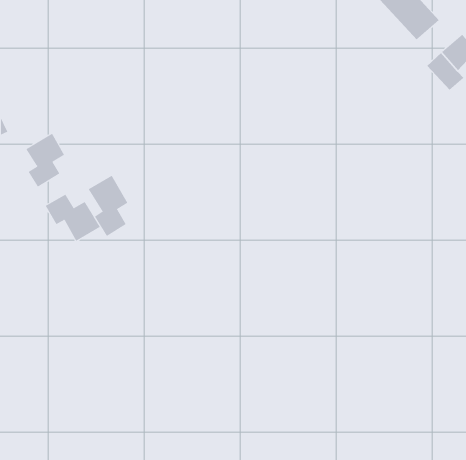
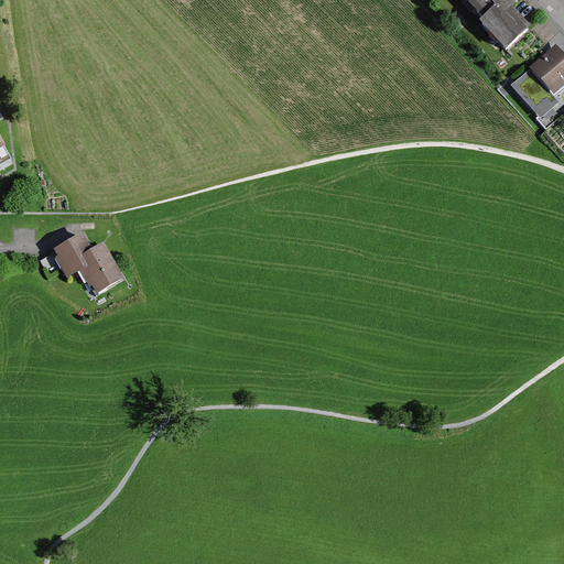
building: [26,133,65,188] -> none
building: [88,175,128,237] -> none

